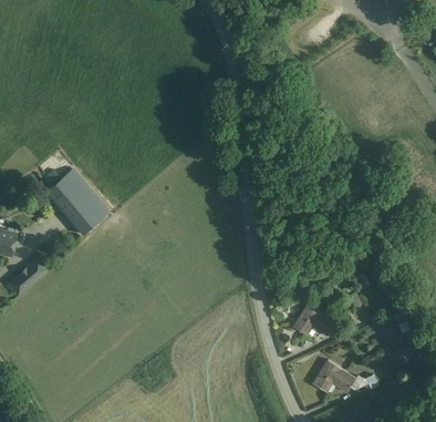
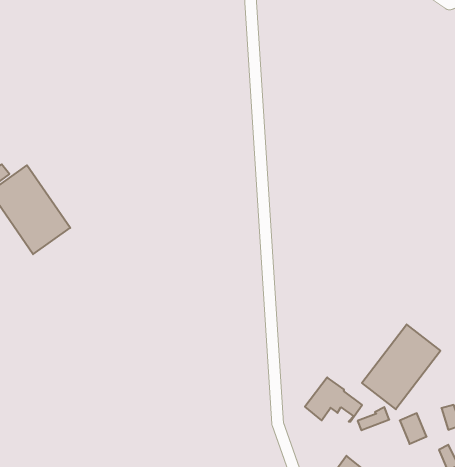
building: none -> [362,324,440,409]

